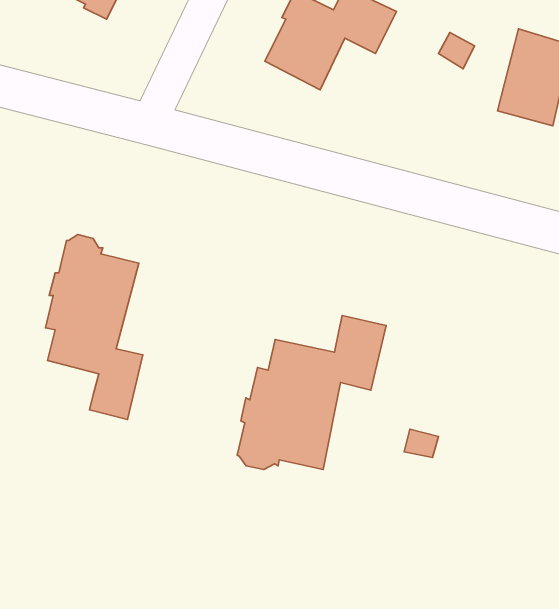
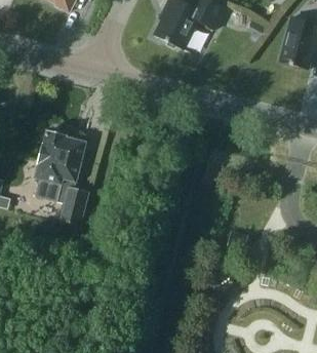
building: [237,316,386,470] -> none

